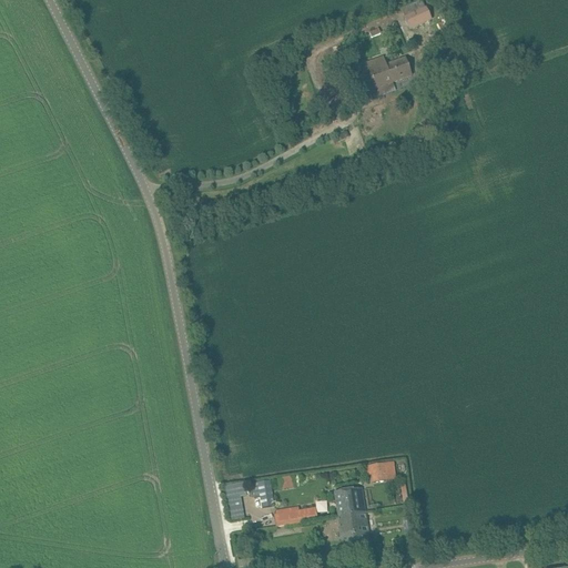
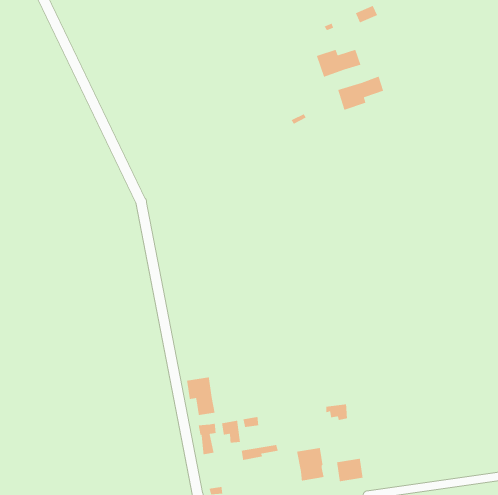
building: none -> [337,76,384,111]
building: none -> [186,377,216,416]
building: [334,486,365,514] -> [336,458,364,482]

